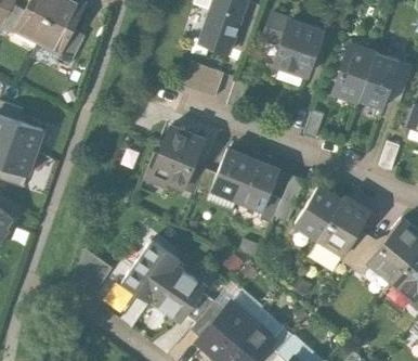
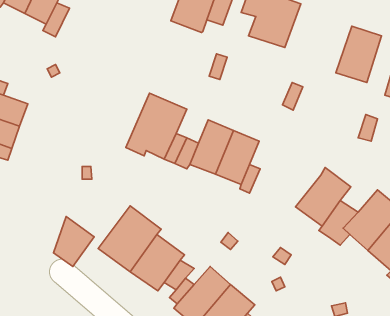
building: [330,42,374,100] -> none
building: [183,63,224,100] -> none
building: [285,185,342,246] -> none

